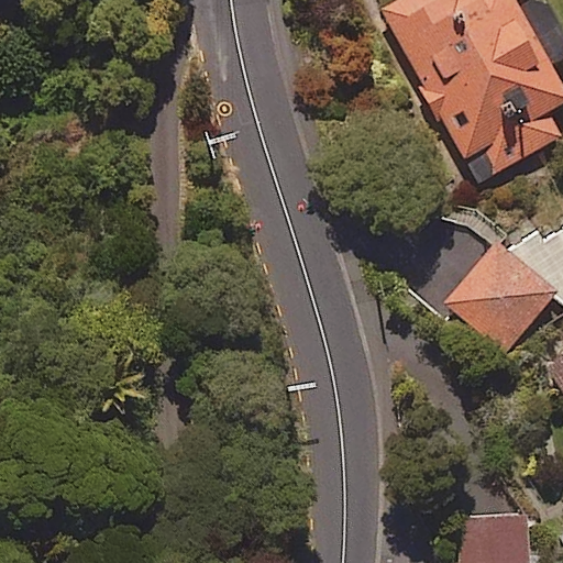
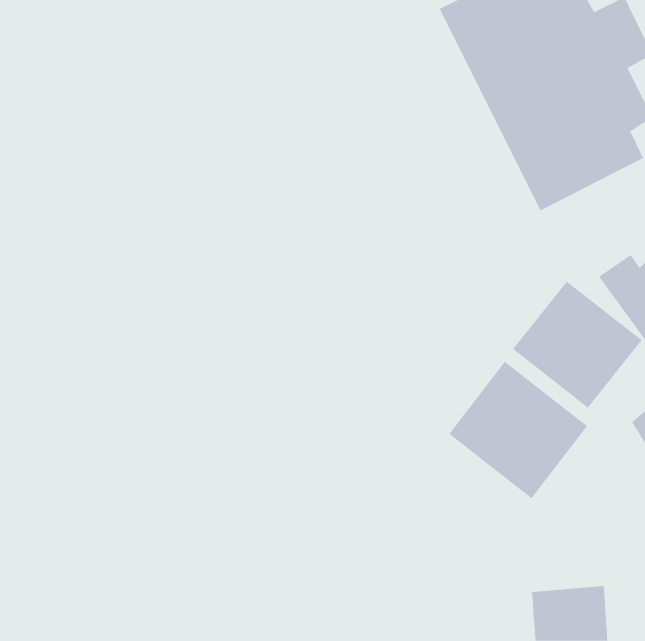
building: none -> [449,361,588,499]

